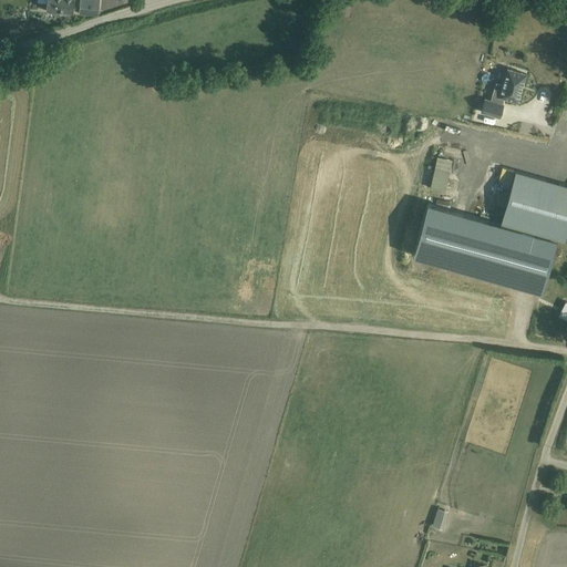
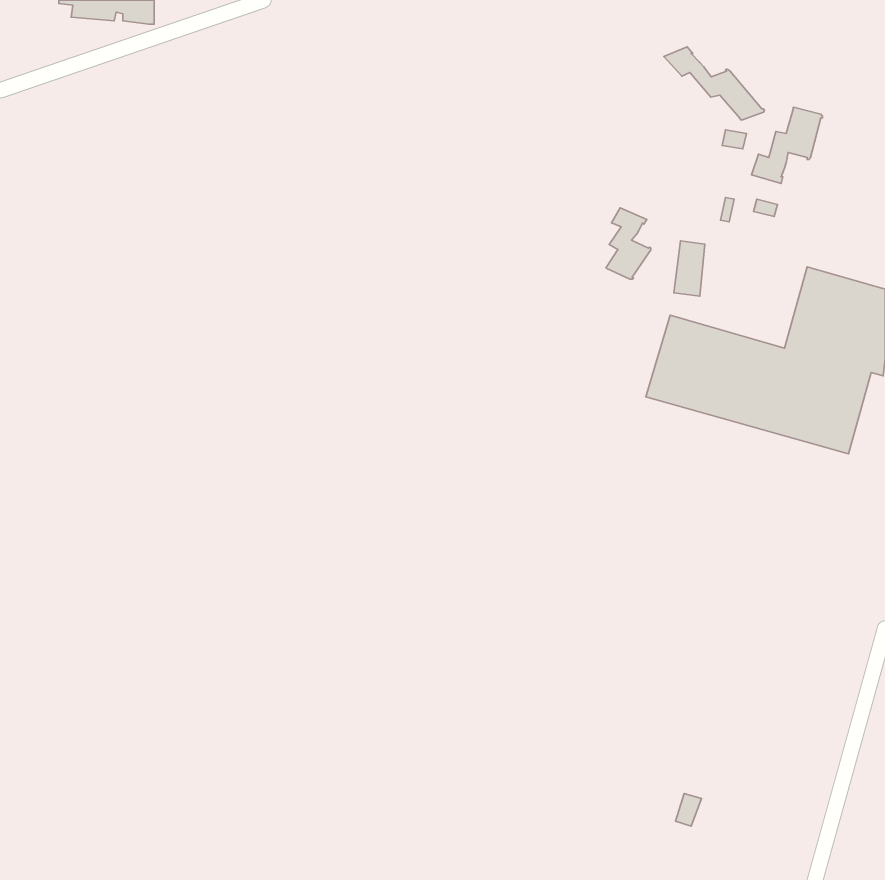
building: none -> [664,47,764,120]
building: none -> [606,208,651,279]

